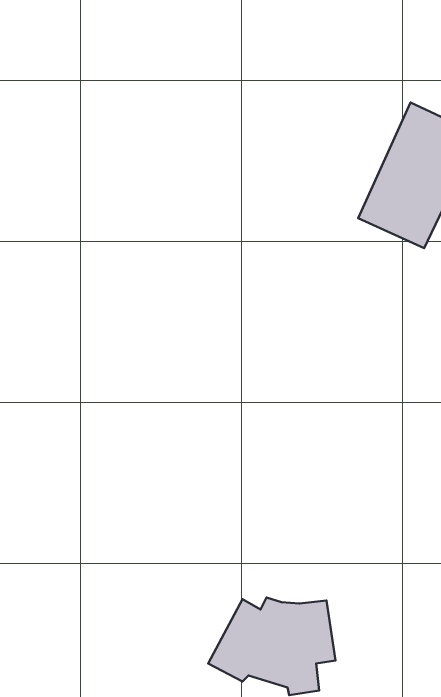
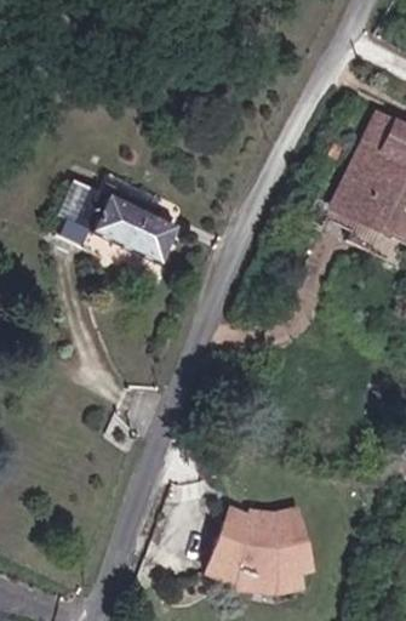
building: none -> [55,180,176,261]

